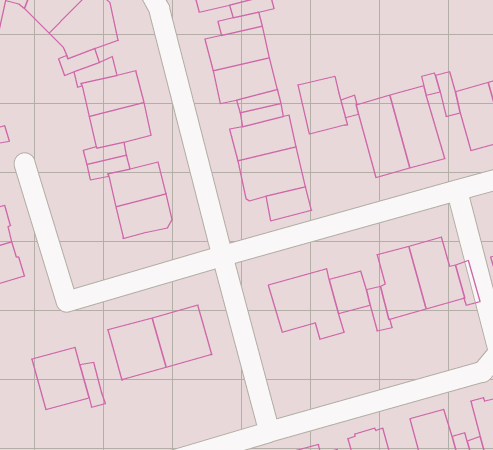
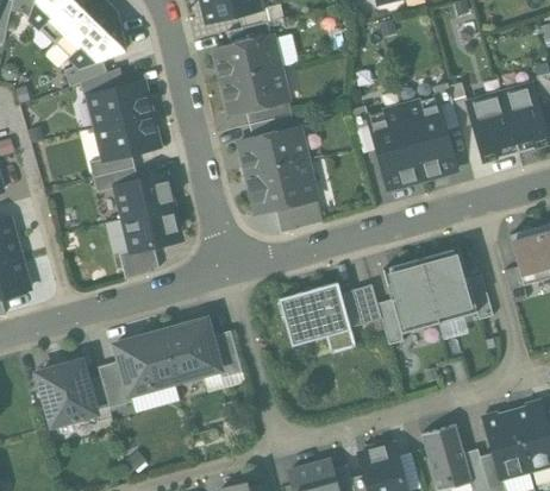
building: [298,76,347,134] -> none
building: none -> [119,245,158,279]
building: none -> [211,331,242,377]
building: none -> [98,360,132,408]

